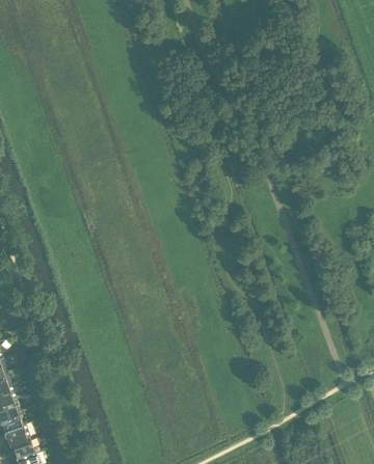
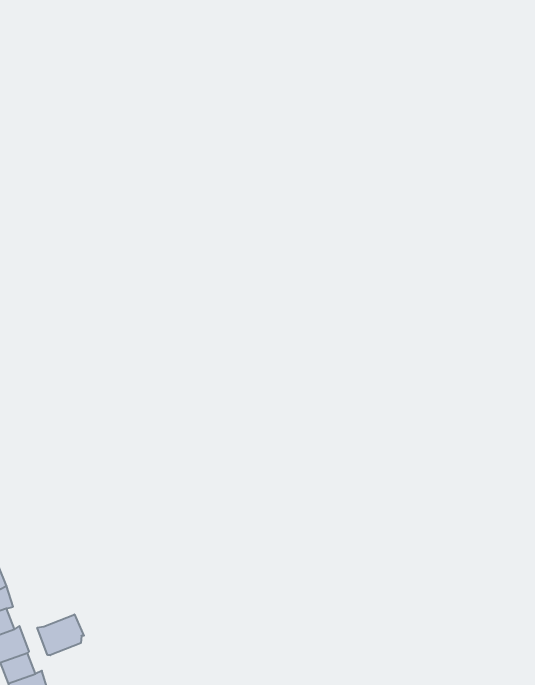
building: none -> [37,614,84,655]

